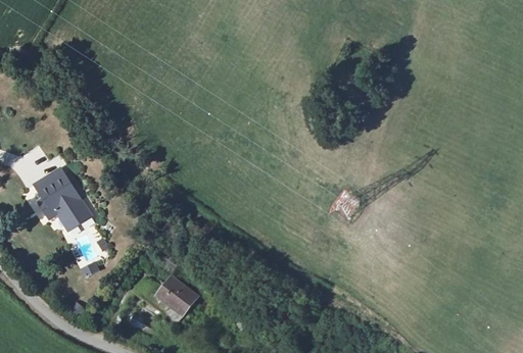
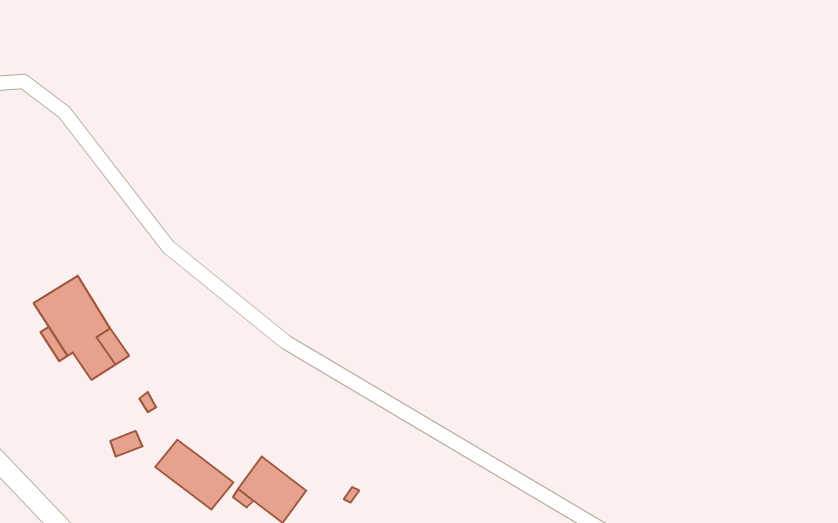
building: none -> [155,440,233,510]

